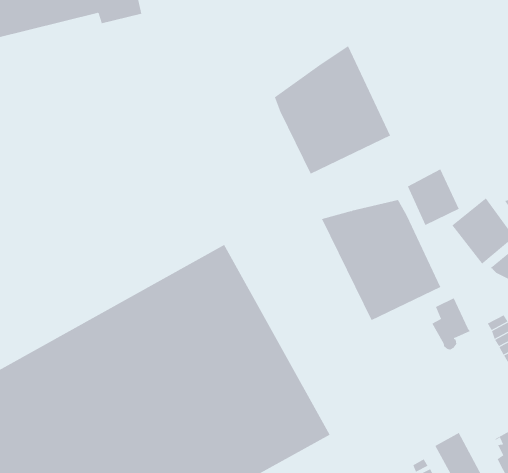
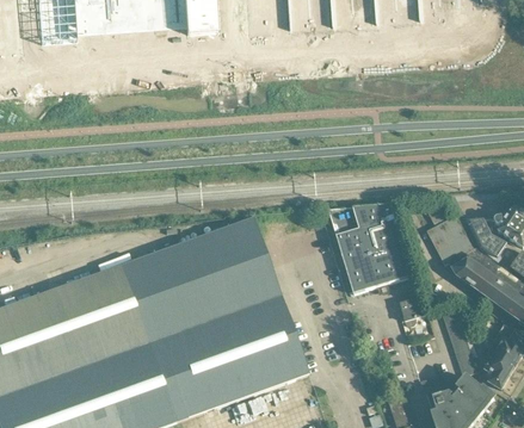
building: [274,45,391,174] -> none
building: [407,168,459,226] -> none

